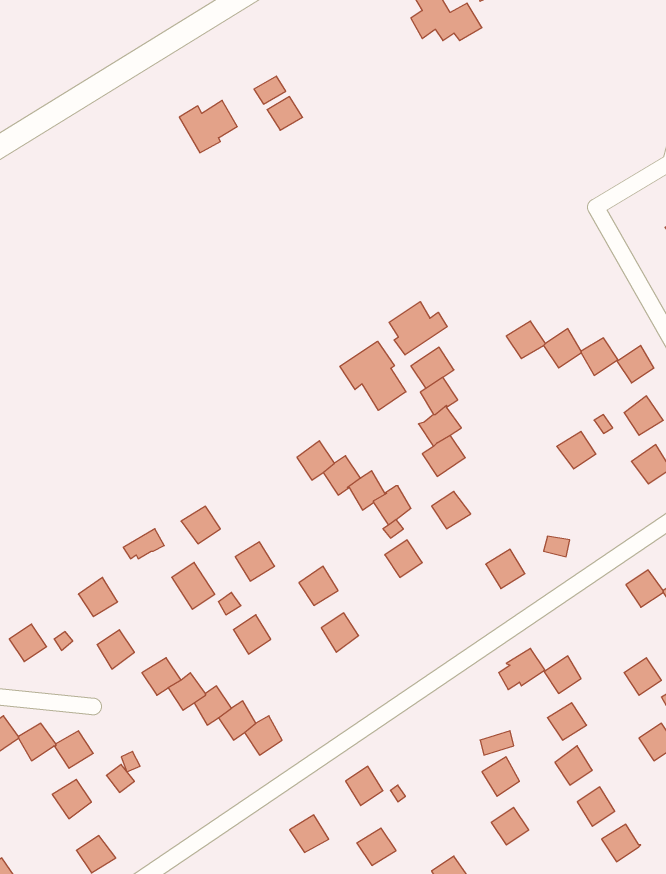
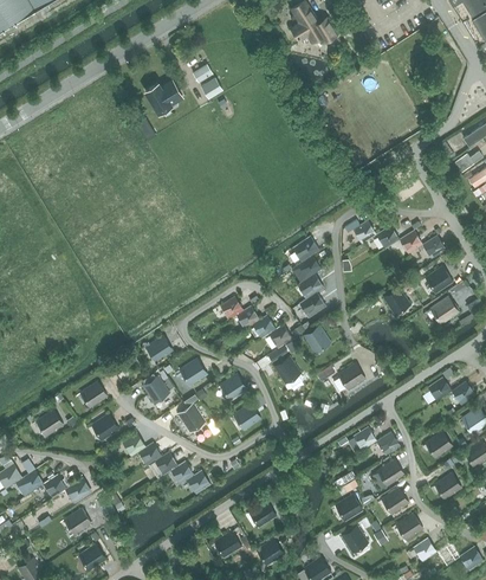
building: [389,302,447,355] -> none
building: [340,341,406,410] -> none

